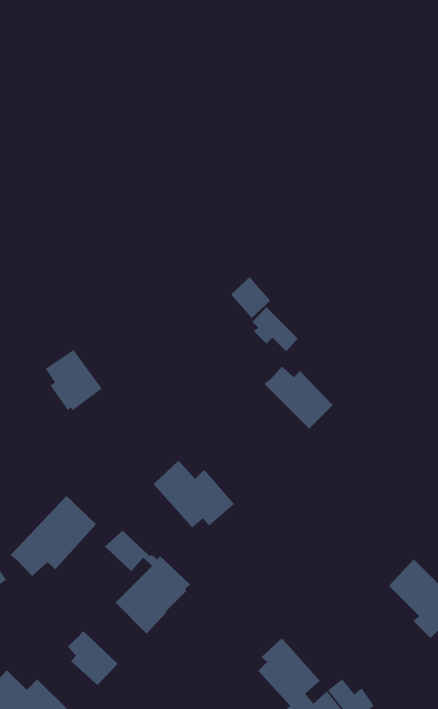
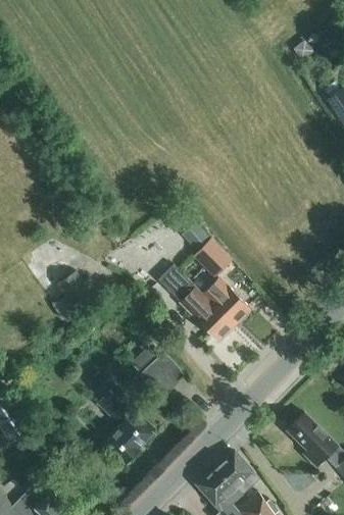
building: none -> [159,265,235,342]
building: [9,495,97,577] -> none
building: none -> [216,453,261,495]
building: [67,630,118,686] -> none

